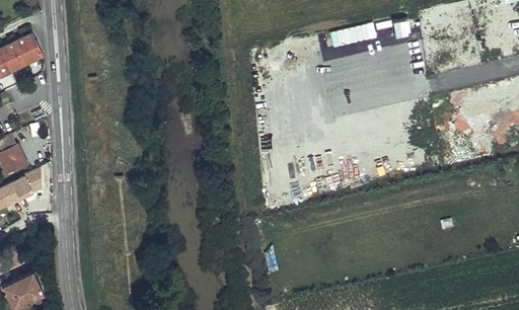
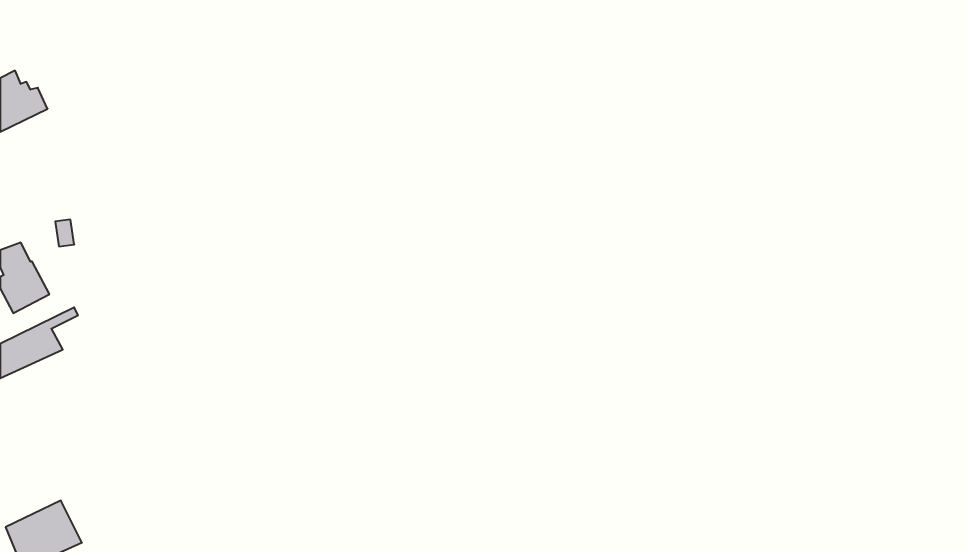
building: [8,32,44,64] -> none

